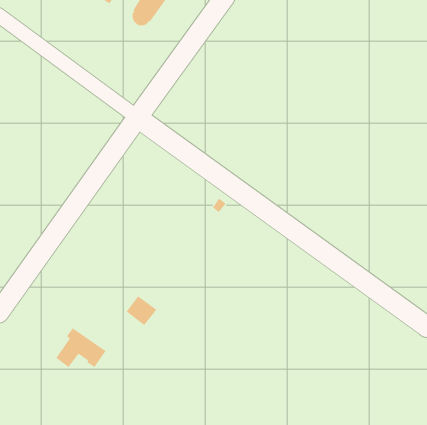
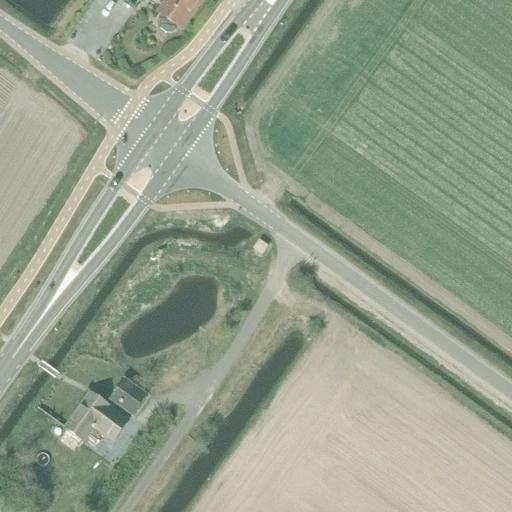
building: [126,296,157,326] -> [110,378,147,414]

